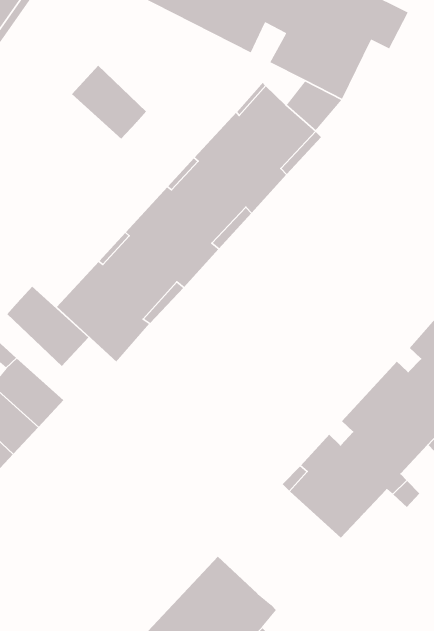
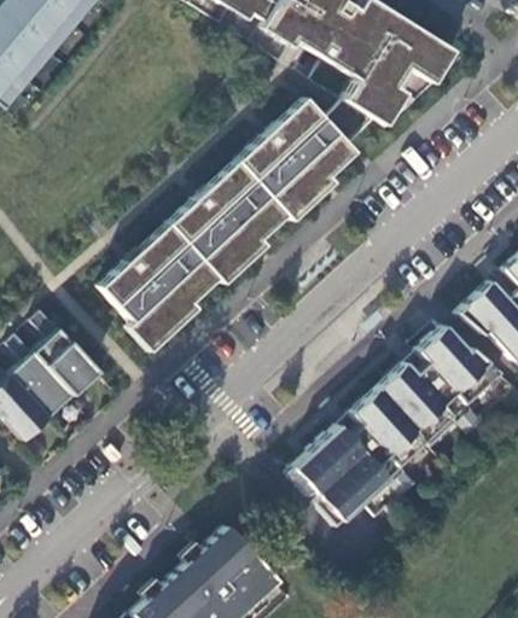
building: [71,65,147,139] -> none
building: [7,286,89,367] -> none

